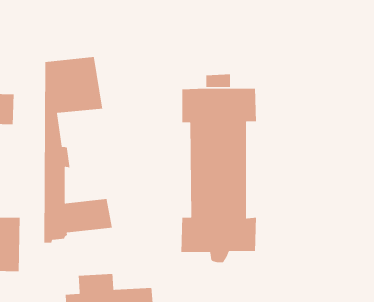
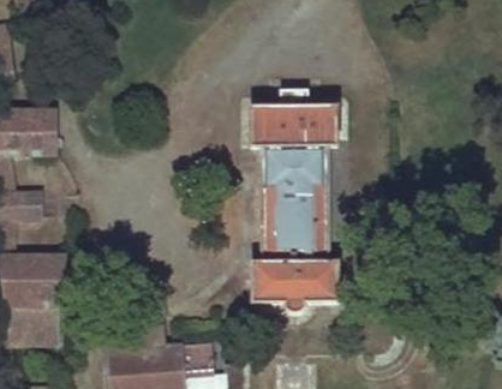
building: [43,56,113,243] -> none

